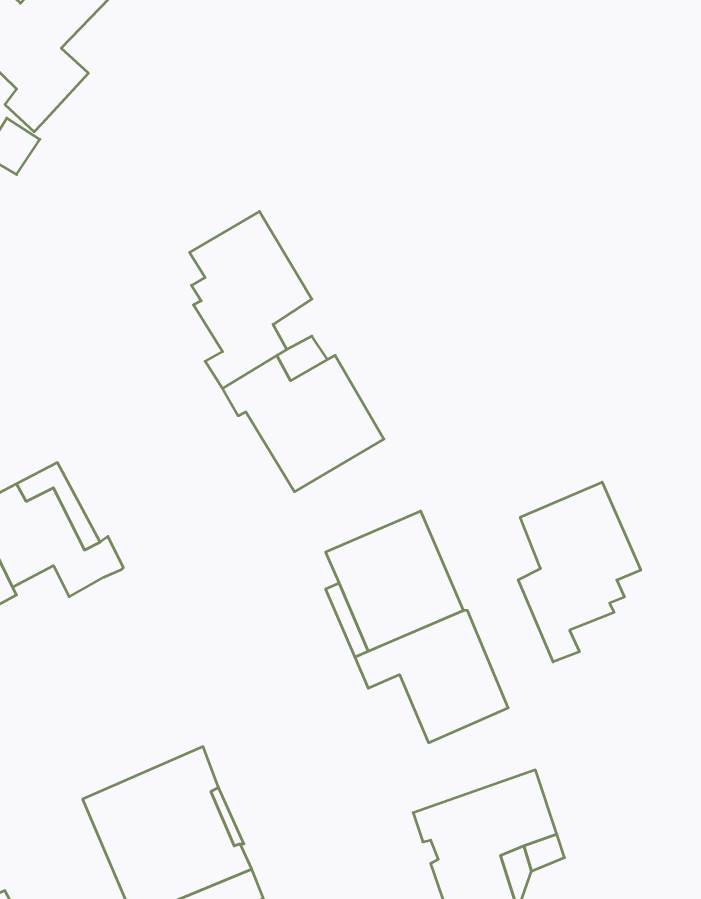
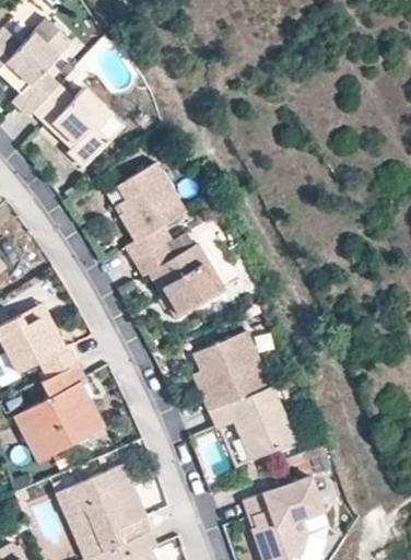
building: none -> [33,84,111,167]
building: [518,482,641,662] -> none
building: none -> [14,363,104,462]

